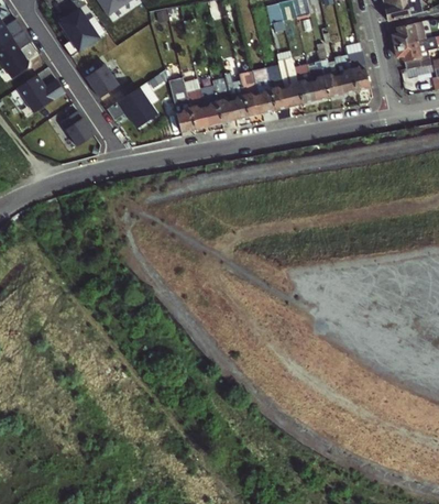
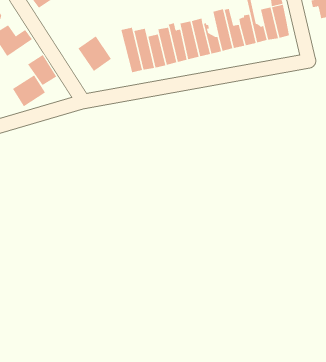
building: [85,64,119,99] -> none
building: none -> [12,74,46,107]

